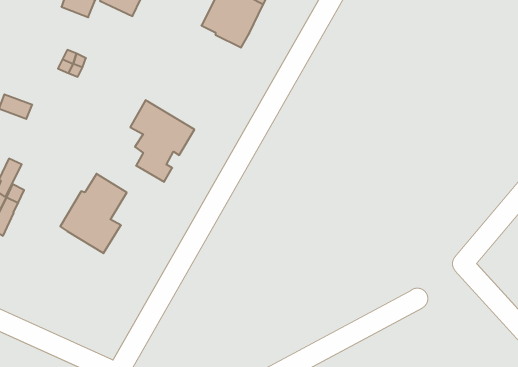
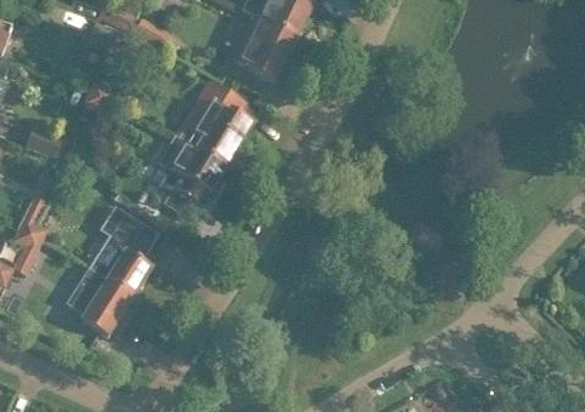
building: none -> [175,81,251,165]
building: none -> [66,265,131,334]

